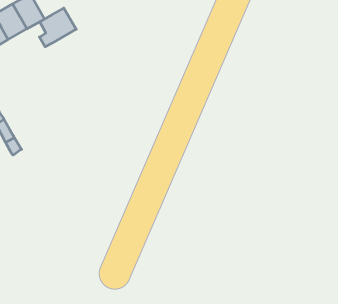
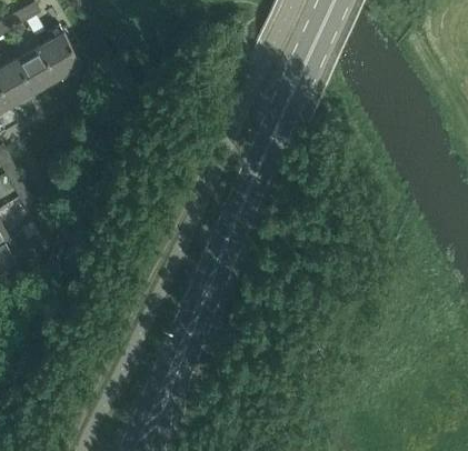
building: [39,8,76,47] -> none

